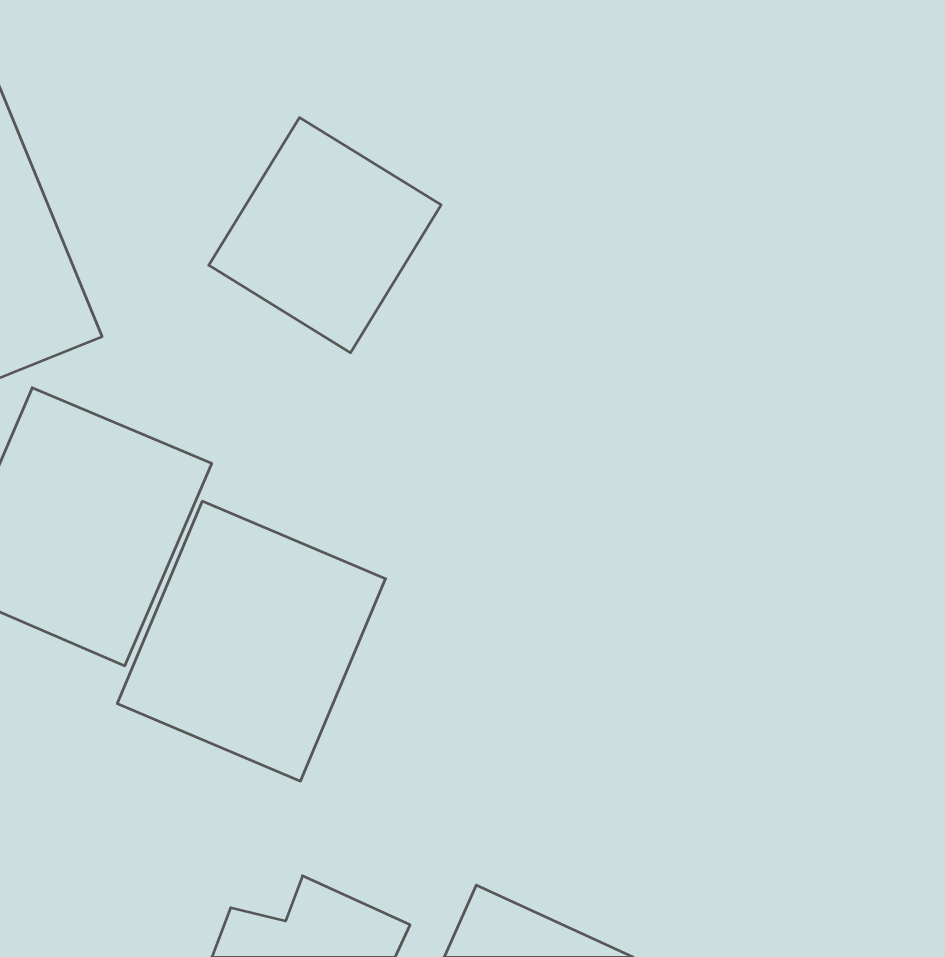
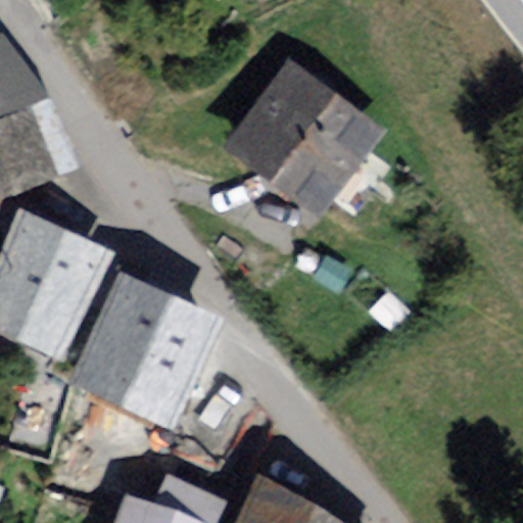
building: none -> [227,62,388,222]
building: [209,118,441,353] -> none

